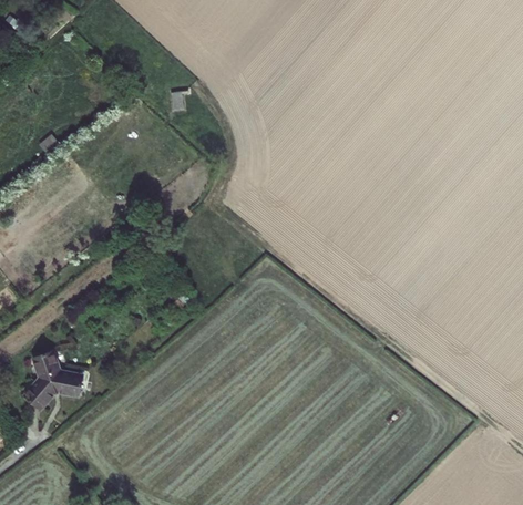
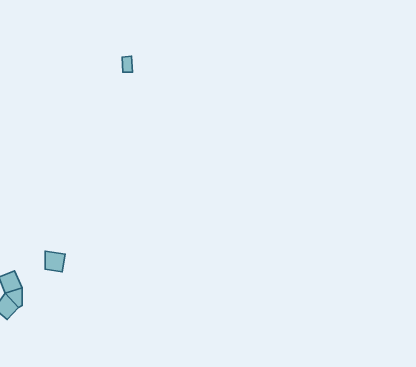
building: [58,369,81,393] -> [45,251,65,272]

